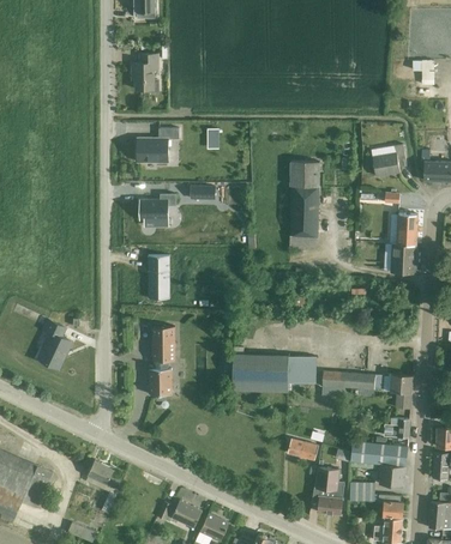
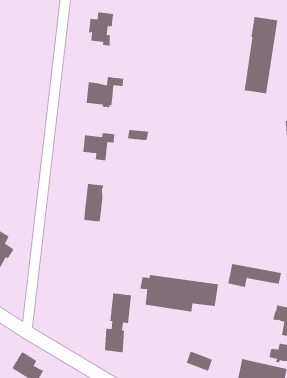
building: [290,161,321,249] -> [244,16,278,94]
building: [148,326,174,394] -> [104,293,132,353]
building: [320,370,383,397] -> [227,263,282,287]

